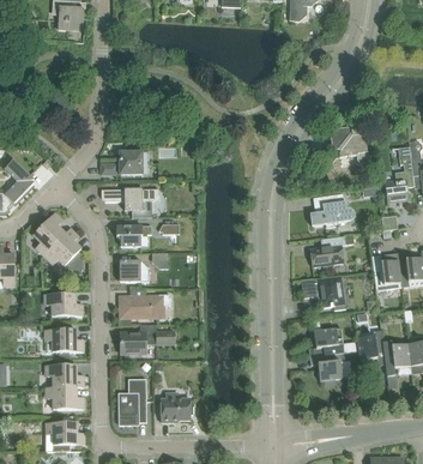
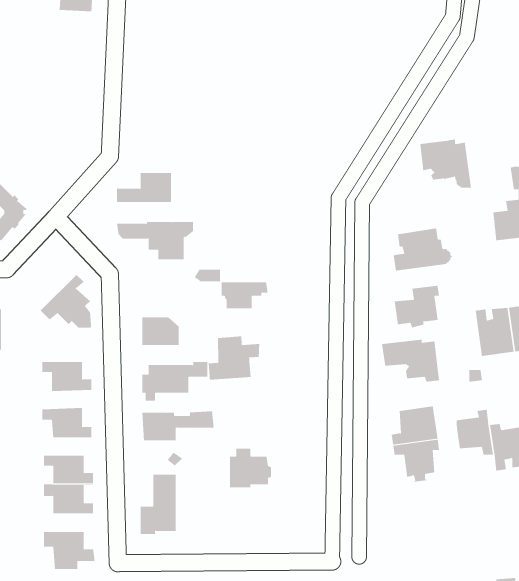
building: [32,212,71,255] -> none
building: [116,225,152,246] -> [221,282,269,309]
building: none -> [208,336,260,381]
building: [161,392,193,422] -> [229,448,272,488]

